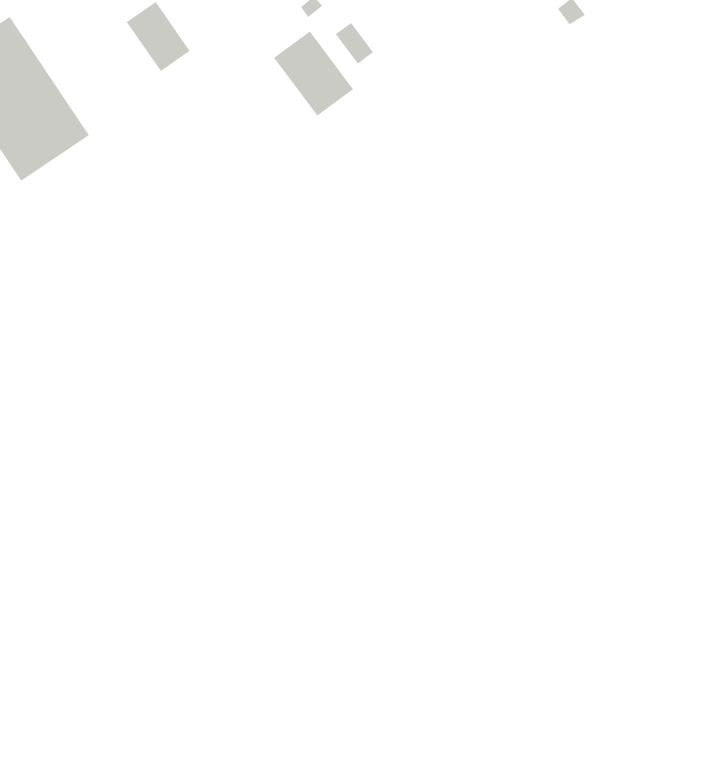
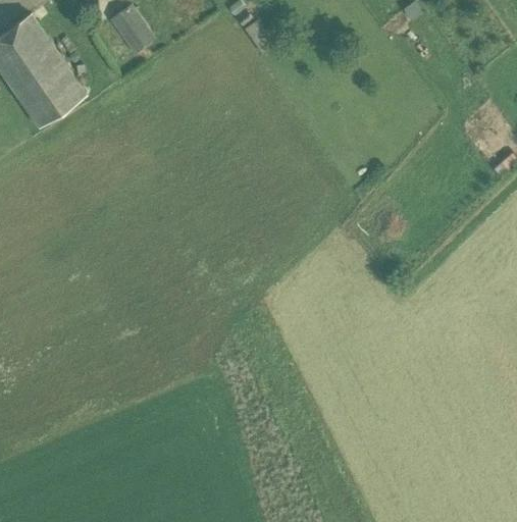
building: [273,30,354,117] -> none

